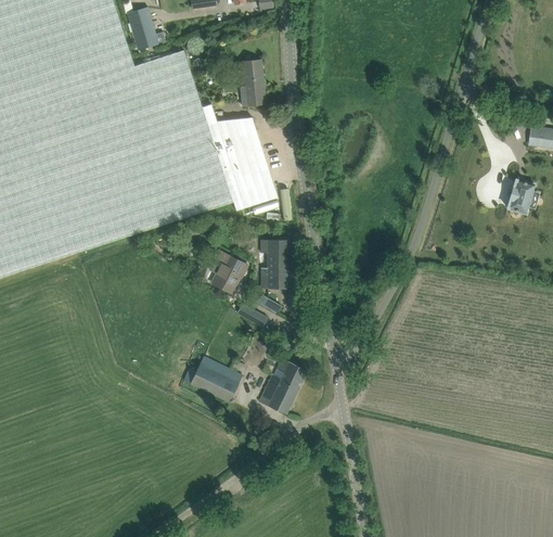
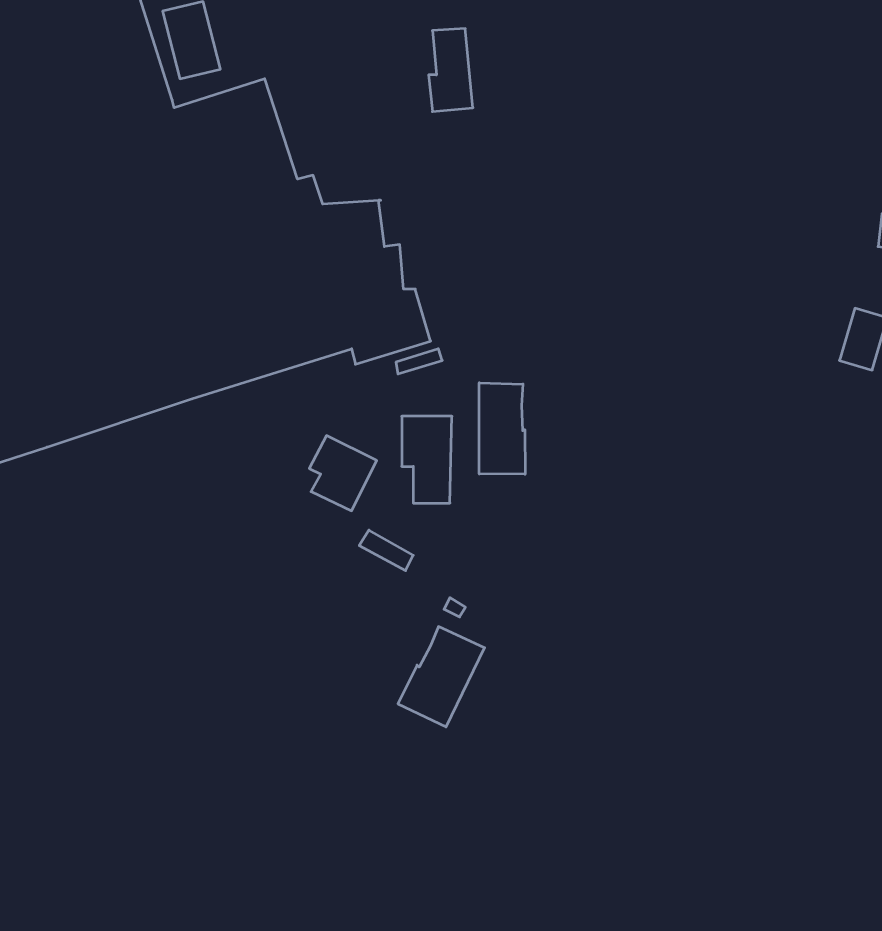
building: [241,59,266,105] -> [429,29,473,112]
building: none -> [479,383,525,474]
building: [181,356,240,400] -> none

